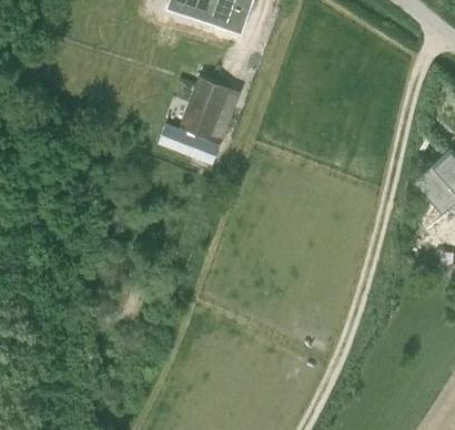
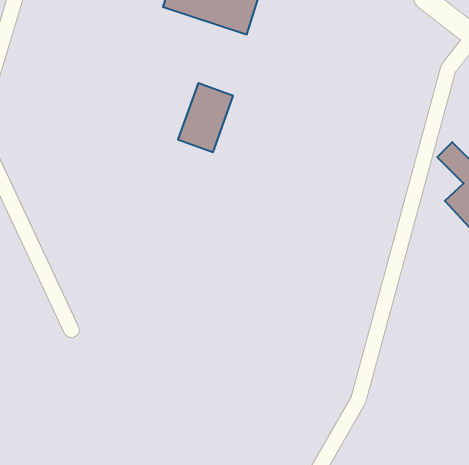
building: [160,124,222,165] -> none

